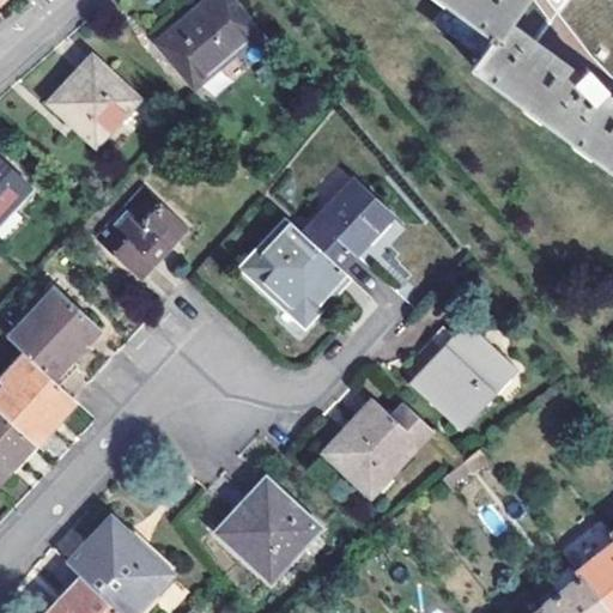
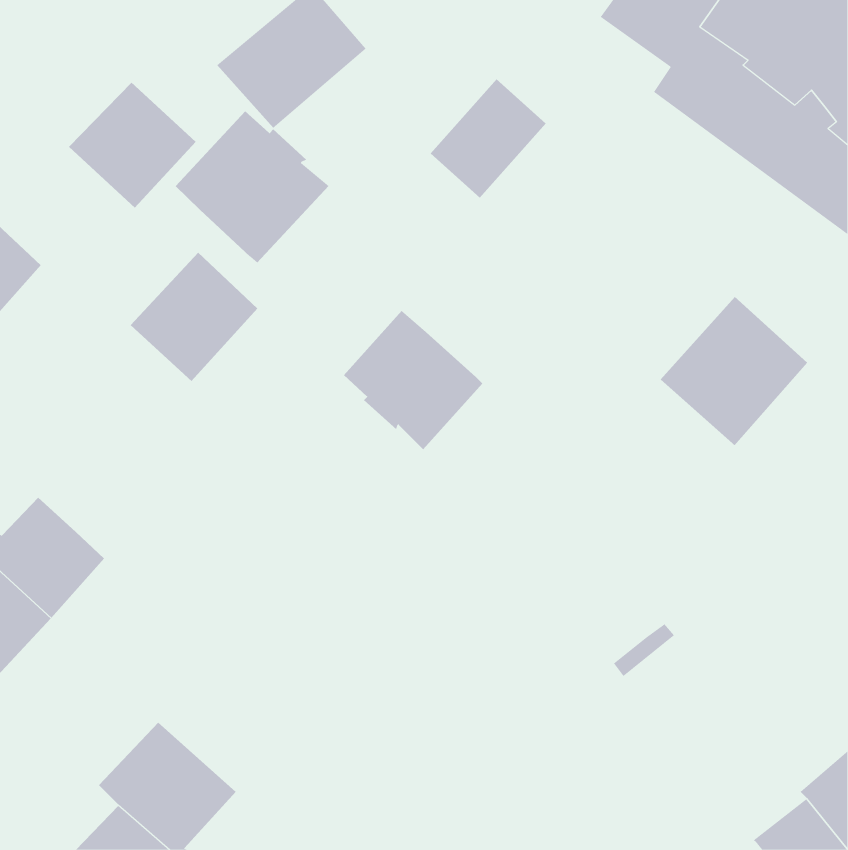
building: none -> [175,111,330,263]
building: [306,184,390,271] -> [430,78,547,198]
building: [11,292,99,382] -> none
building: [412,322,518,430] -> [660,296,808,446]
building: [324,401,431,493] -> none
building: [216,477,316,577] -> none

